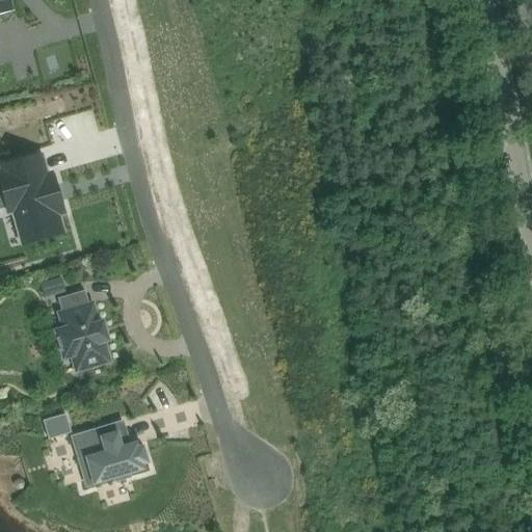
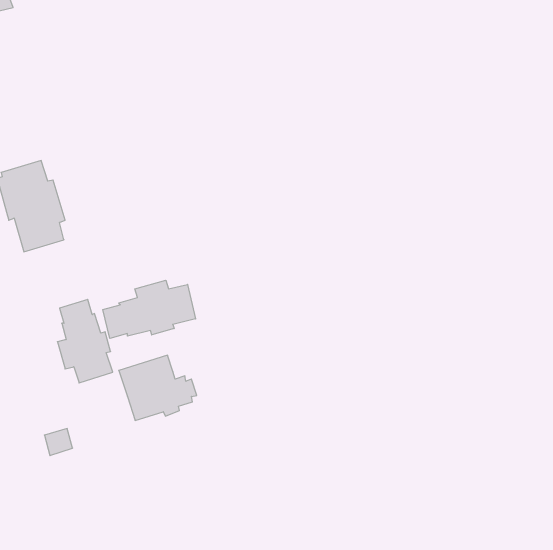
building: none -> [103,280,196,338]
building: [73,425,148,487] -> [119,355,197,420]

